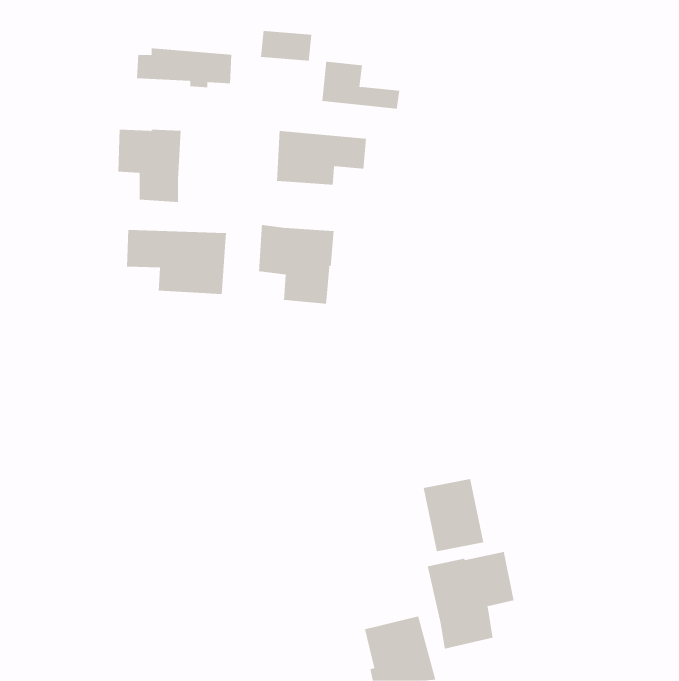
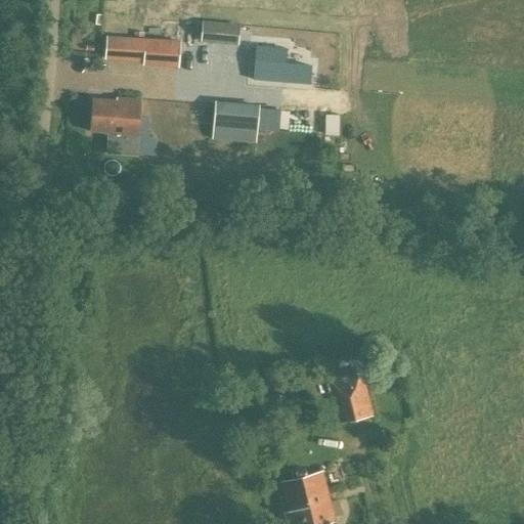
building: [258,224,334,305] -> none
building: [126,229,227,295] -> none
building: [427,551,514,650] -> none

